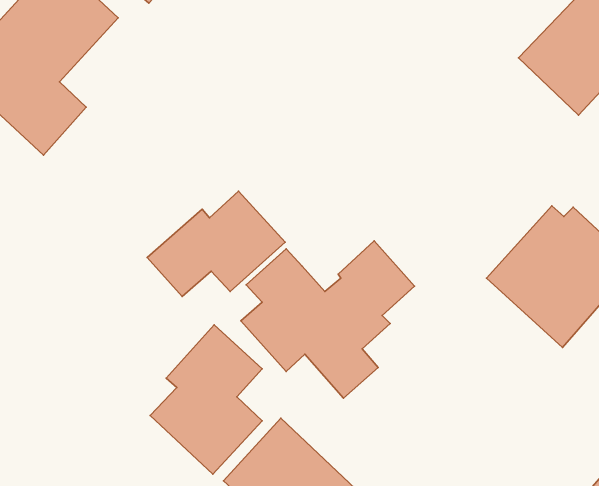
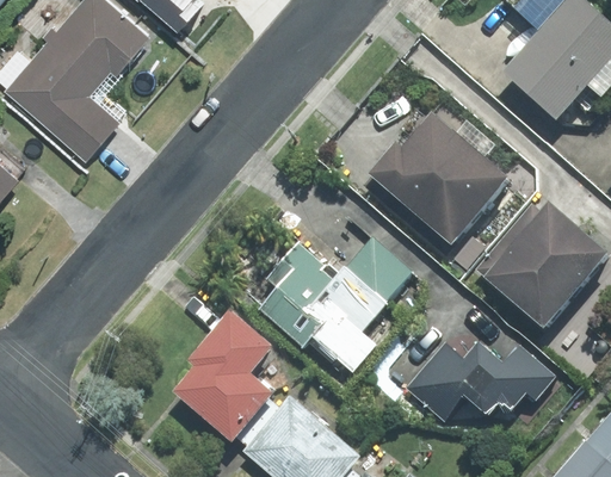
building: none -> [364,109,513,258]
building: [147,191,285,297] -> none
building: none -> [407,342,557,423]

